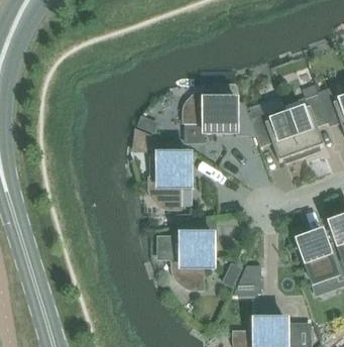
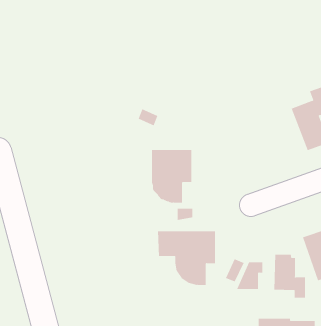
building: [185,82,237,142] -> none
building: [249,107,304,162] -> none
building: none -> [274,254,306,299]

